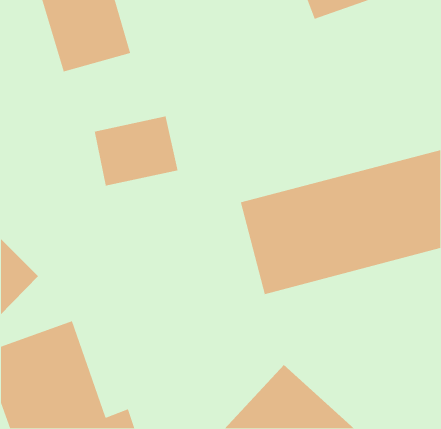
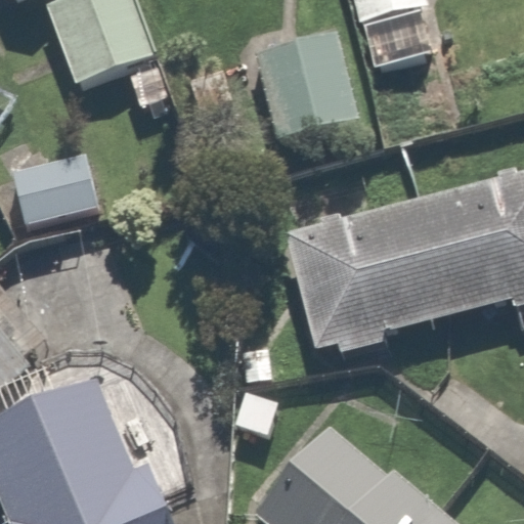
building: none -> [251,29,361,149]
building: [94,116,178,186] -> [13,146,114,230]

